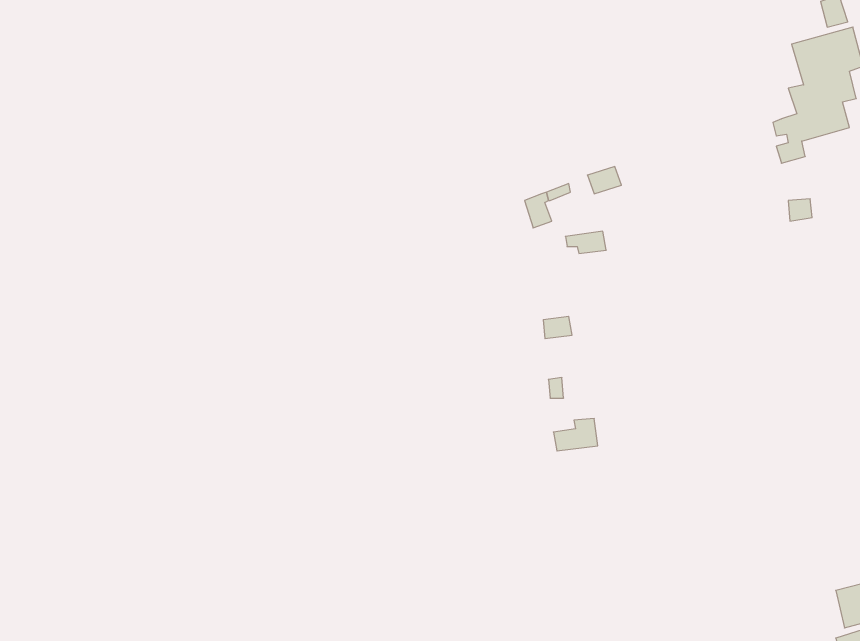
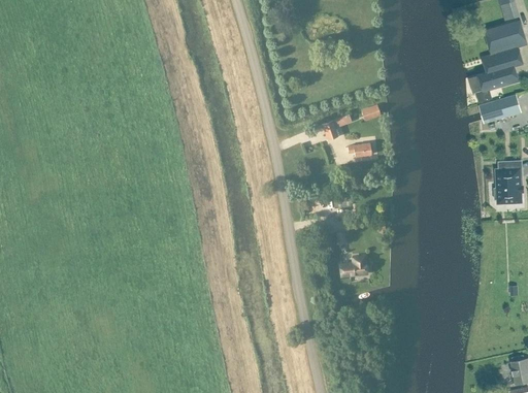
building: none -> [478,95,521,123]
building: none -> [494,168,521,202]

